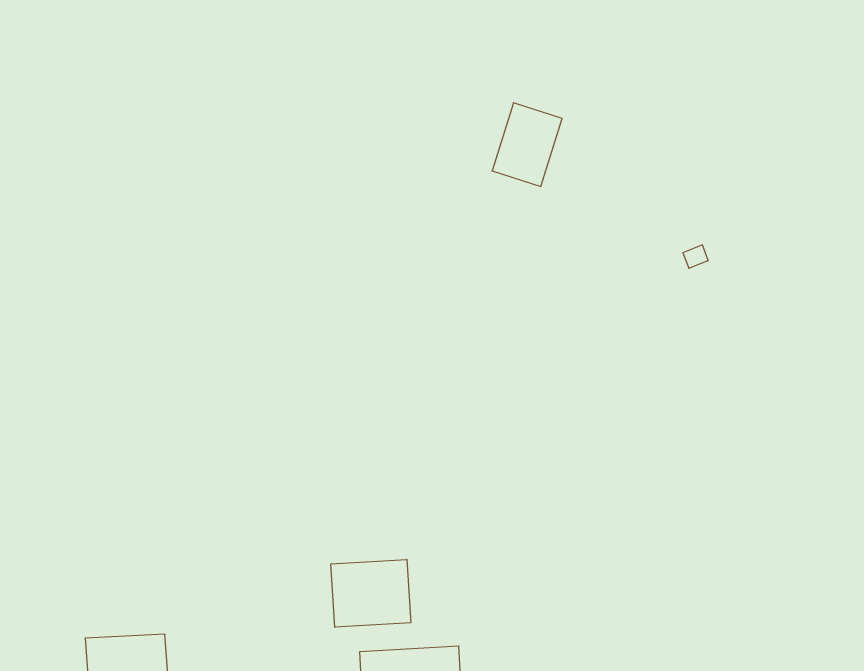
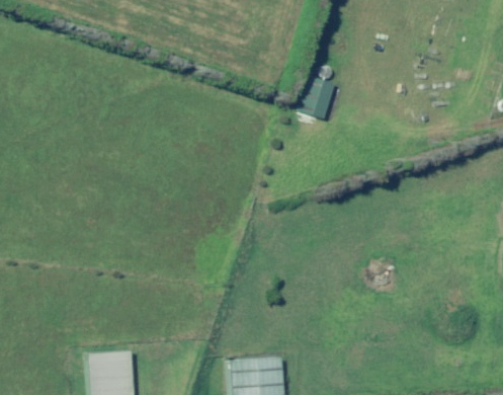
building: [331,559,411,627] -> none

